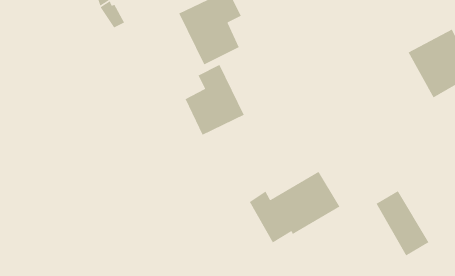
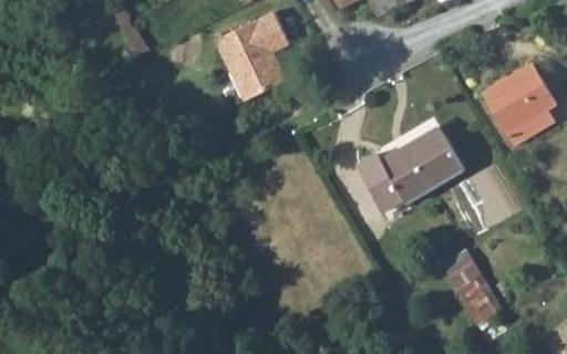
building: [184,64,245,136] -> none
building: [249,171,341,244] -> [352,117,460,202]

